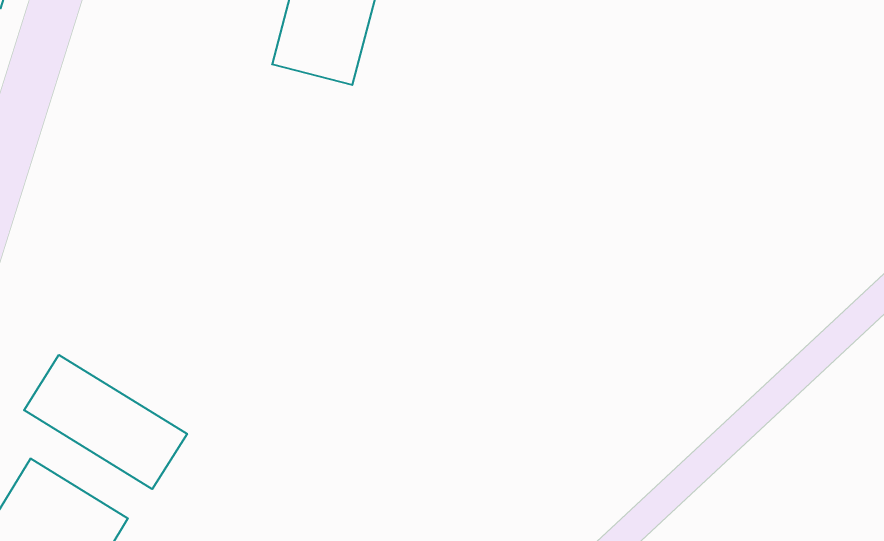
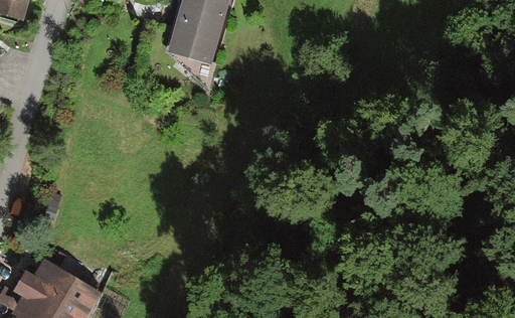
building: [24,355,187,489] -> none

